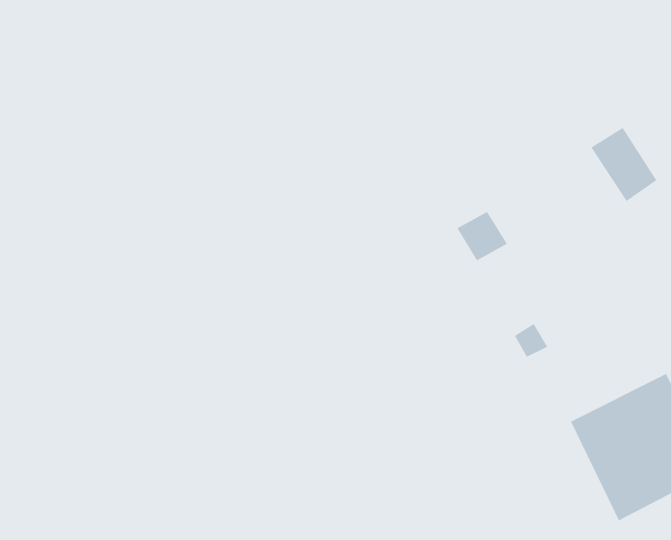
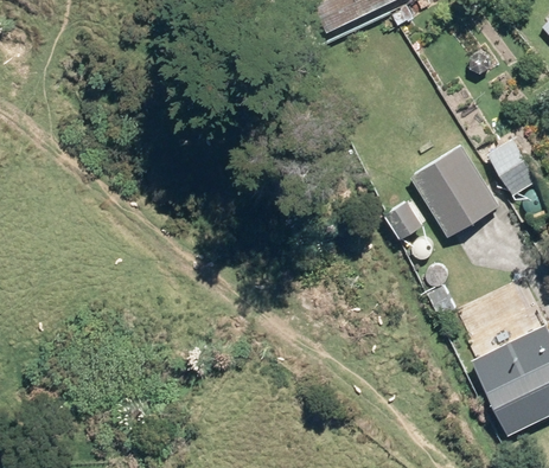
building: none -> [409,145,499,237]

